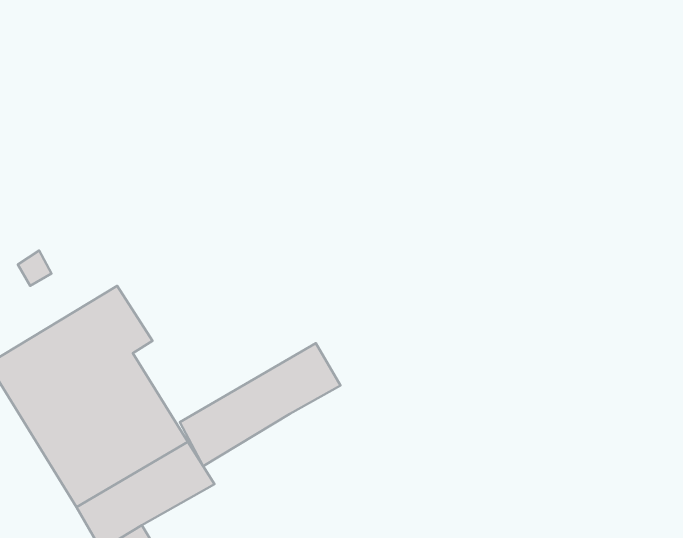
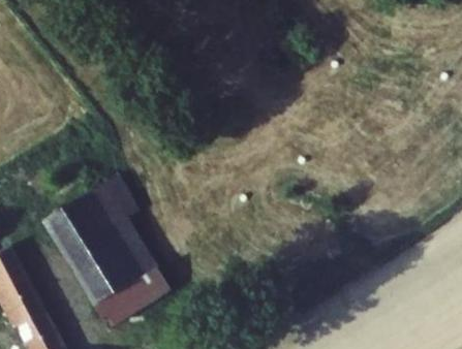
building: [180,343,341,466] -> none

